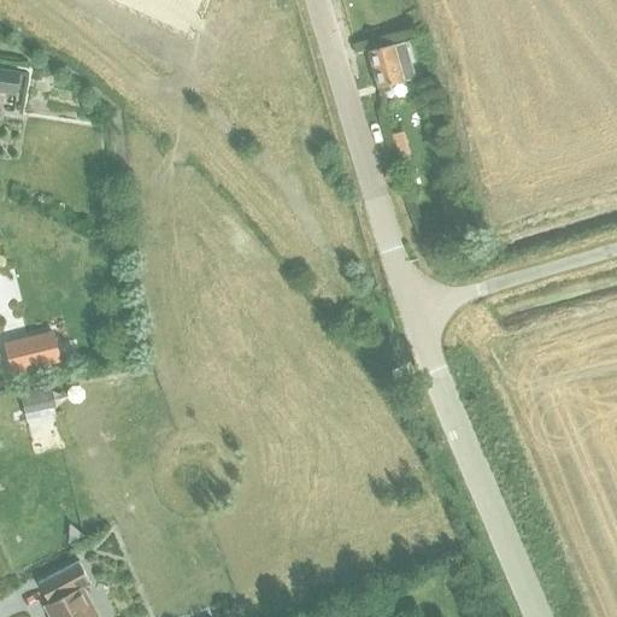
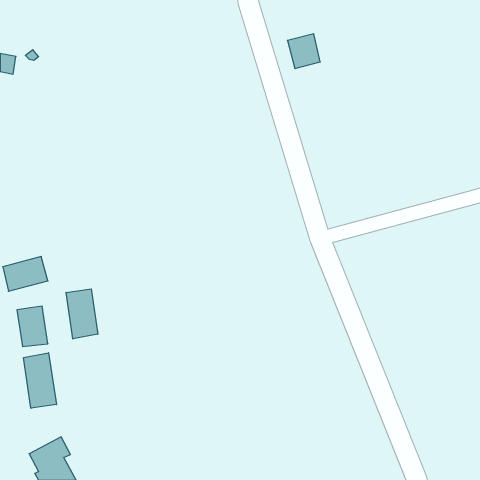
building: none -> [66,289,98,339]
building: none -> [24,353,56,408]

